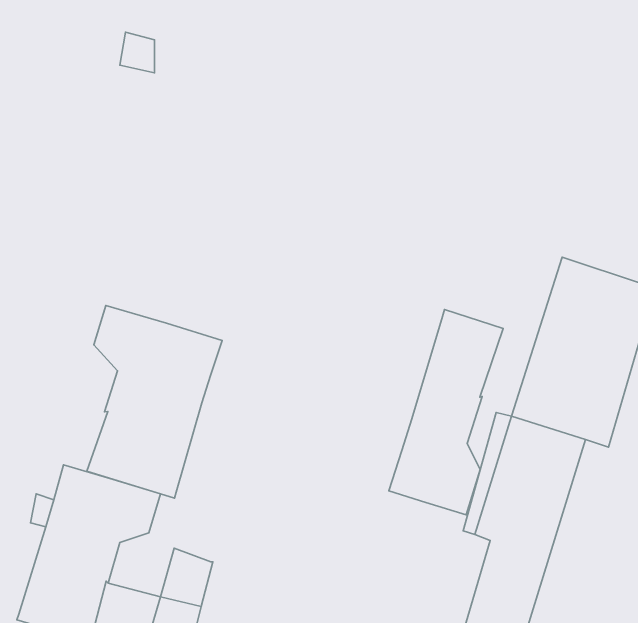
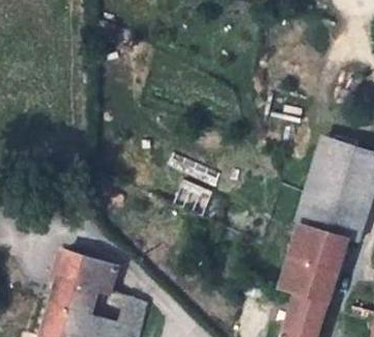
building: [87,306,222,498] -> none
building: [389,309,503,515] -> none

